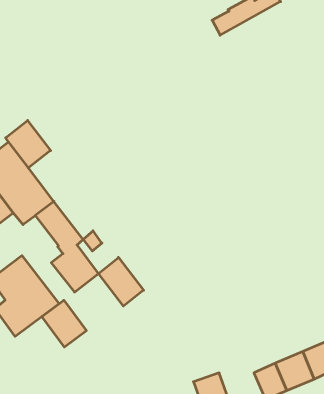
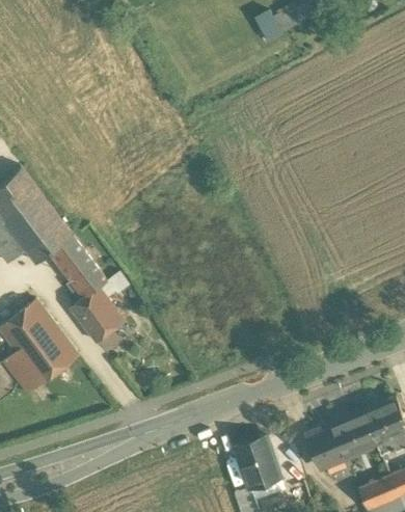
building: [6,120,51,168] -> none
building: [98,257,144,306] -> none
building: [42,300,86,347] -> none

